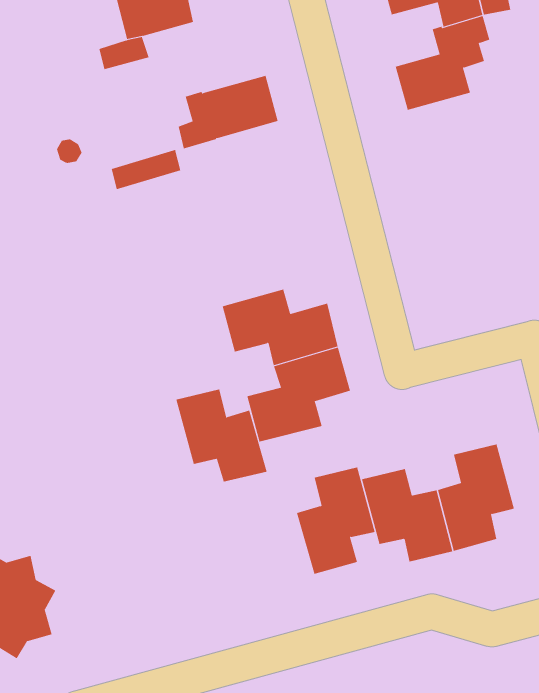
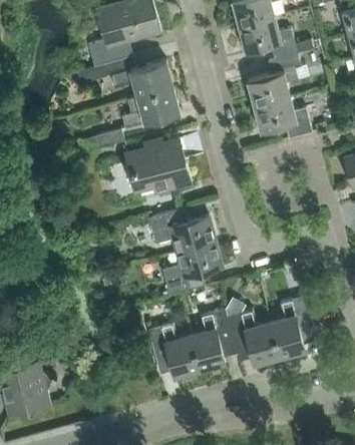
building: none -> [111,61,173,97]
building: none -> [254,97,312,138]
building: none -> [128,138,191,191]
building: [176,389,267,482] -> [148,324,201,377]

